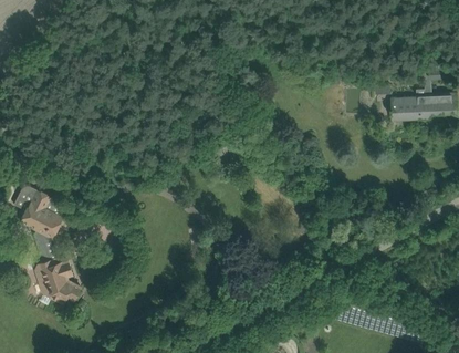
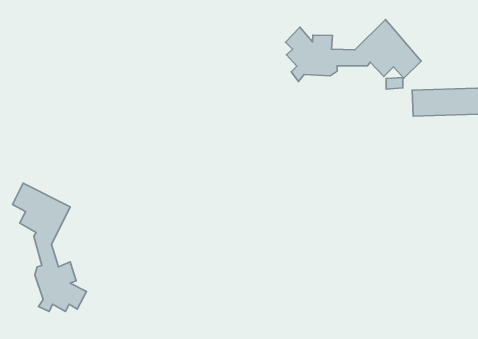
building: none -> [286,19,421,82]

